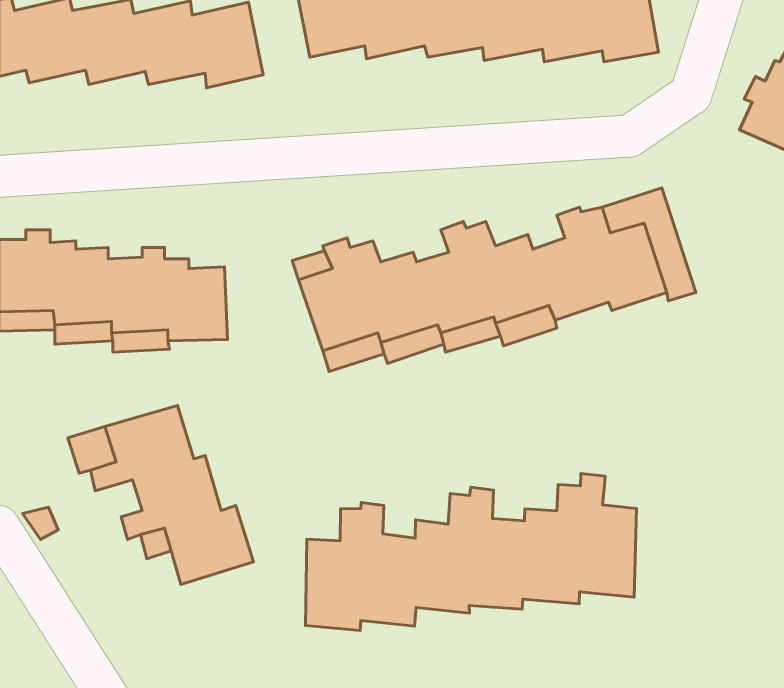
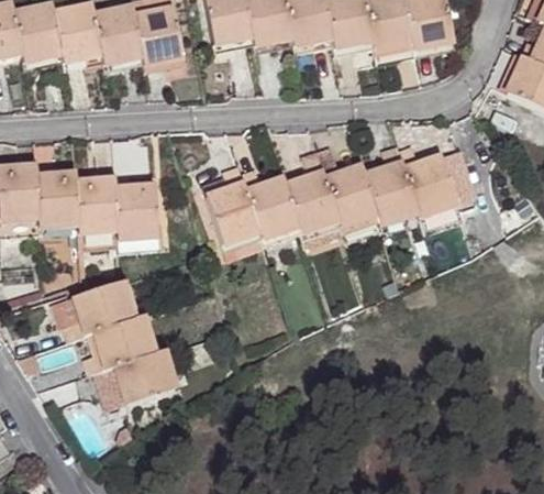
building: [305,474,637,631] -> none

